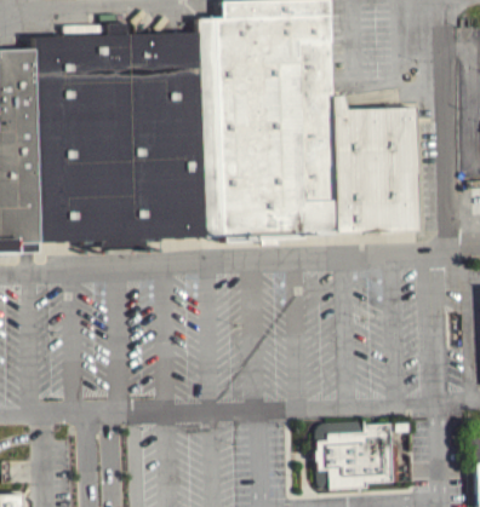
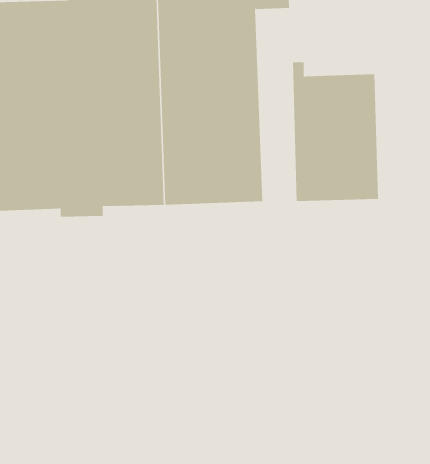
building: [296,41,336,234] -> none
building: [316,420,394,489] -> none

